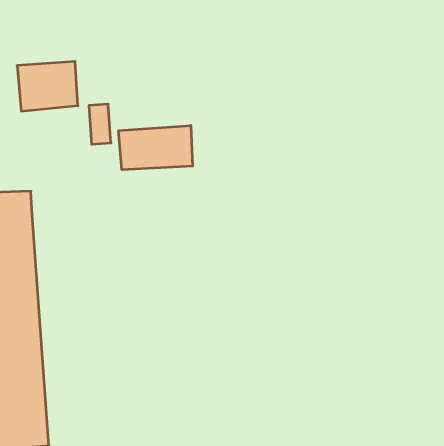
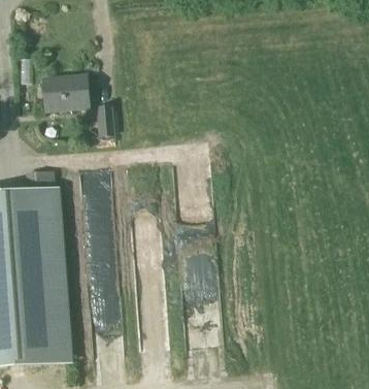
building: [119,125,193,170] -> none

